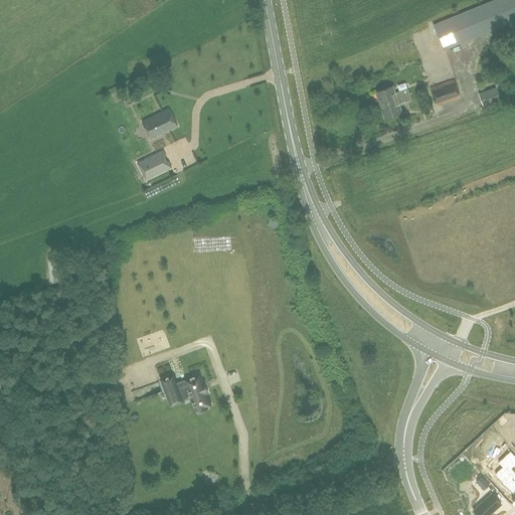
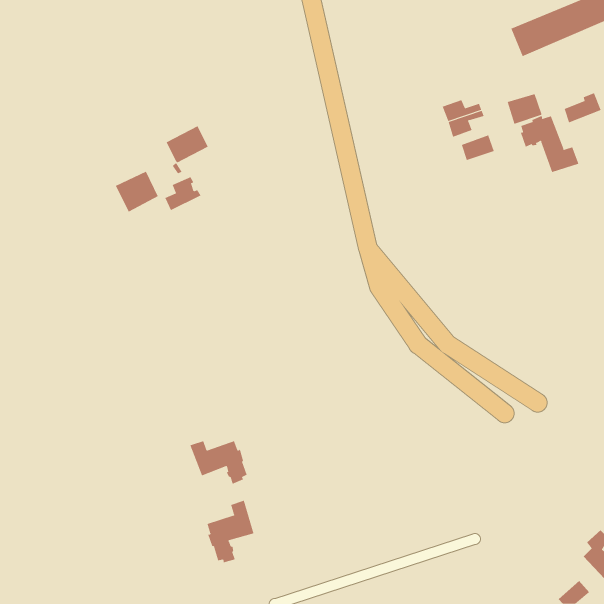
building: none -> [520,115,579,173]
building: none -> [461,135,494,161]
building: none -> [115,171,159,212]
building: none -> [207,500,254,563]

